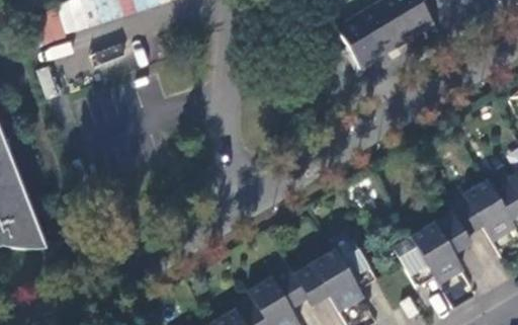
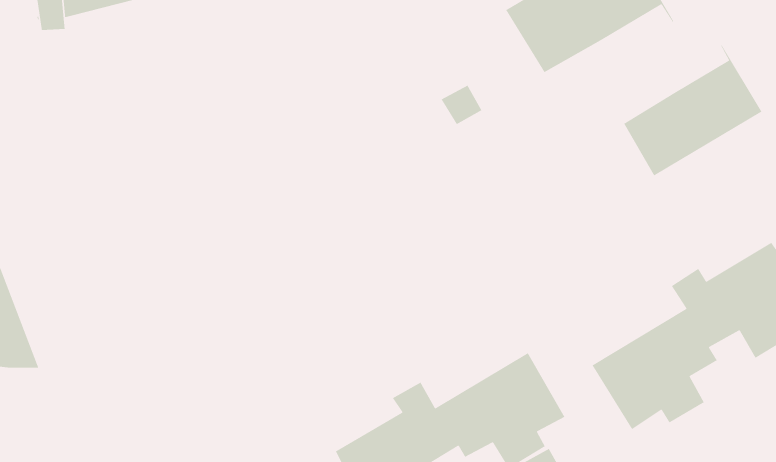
building: none -> [623,44,763,177]

